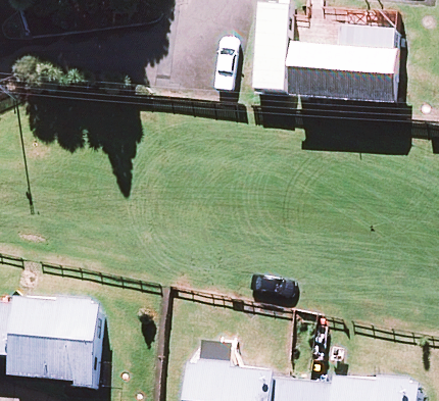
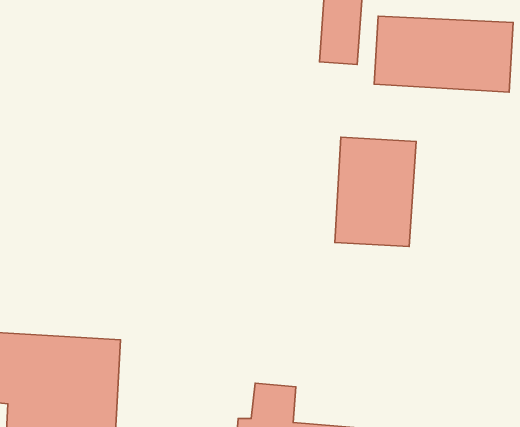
building: none -> [335,137,416,247]

